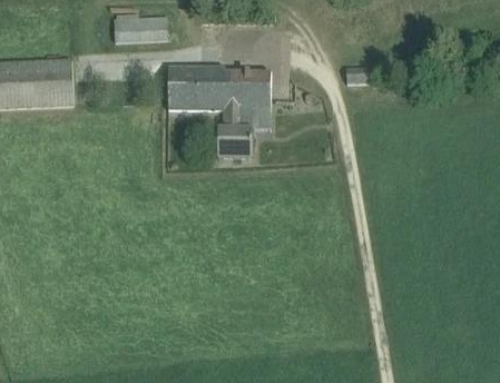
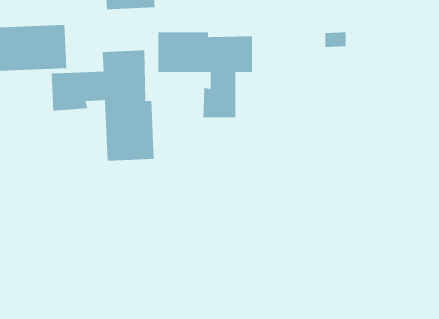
building: none -> [51,50,154,161]

